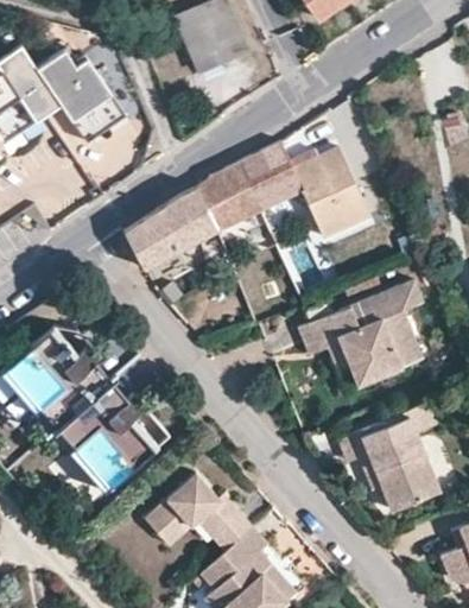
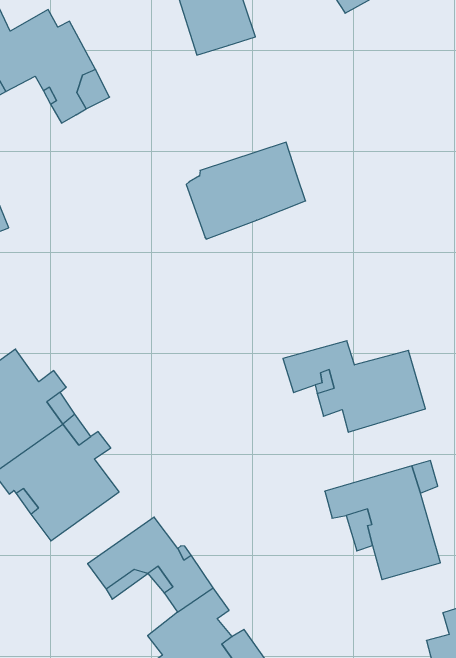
building: [293,148,372,241] -> none
building: [122,186,220,268] -> none
building: [349,281,422,328] -> none

